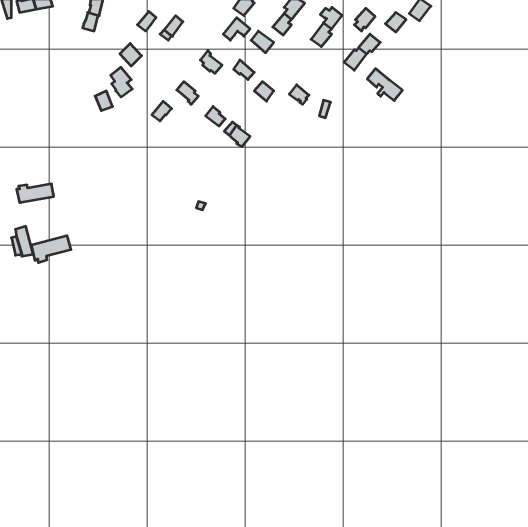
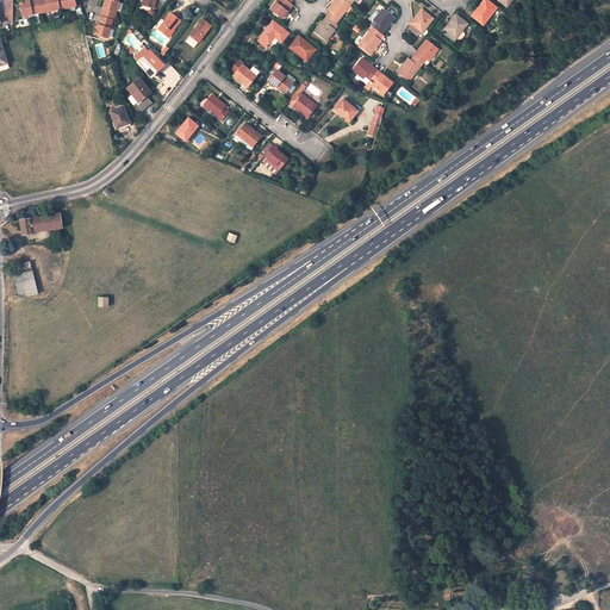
building: [367,69,402,101] -> [353,57,393,94]
building: [32,236,71,263] -> none

